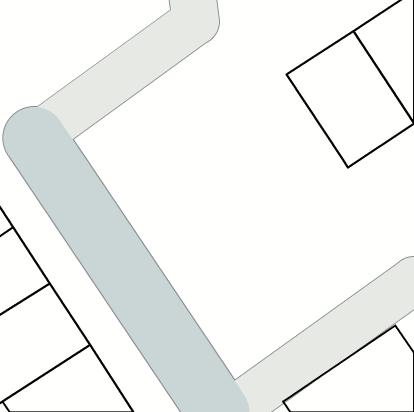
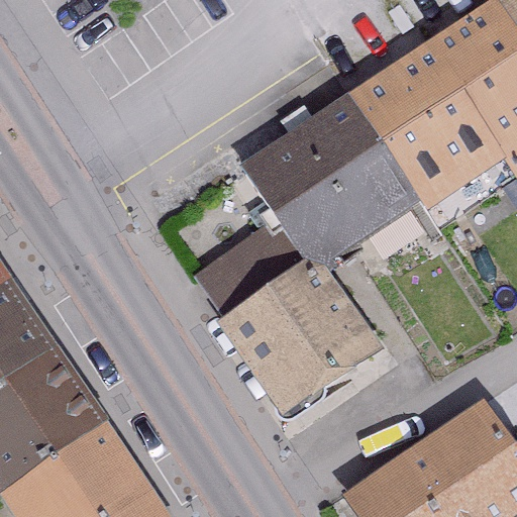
building: none -> [250,92,422,264]
building: none -> [191,219,375,416]

